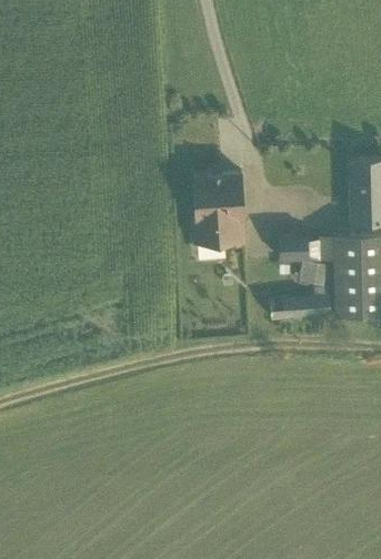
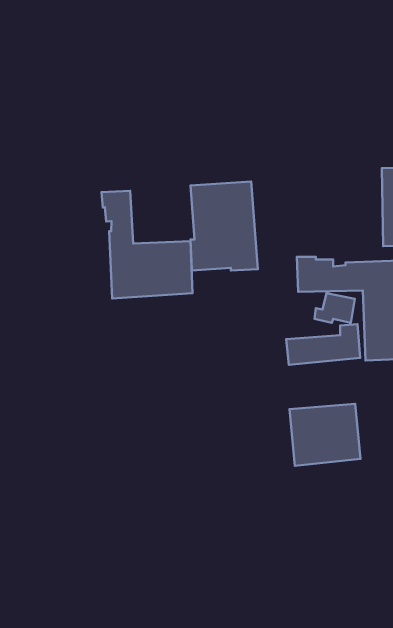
building: none -> [101,191,192,298]
building: none -> [290,404,360,466]

